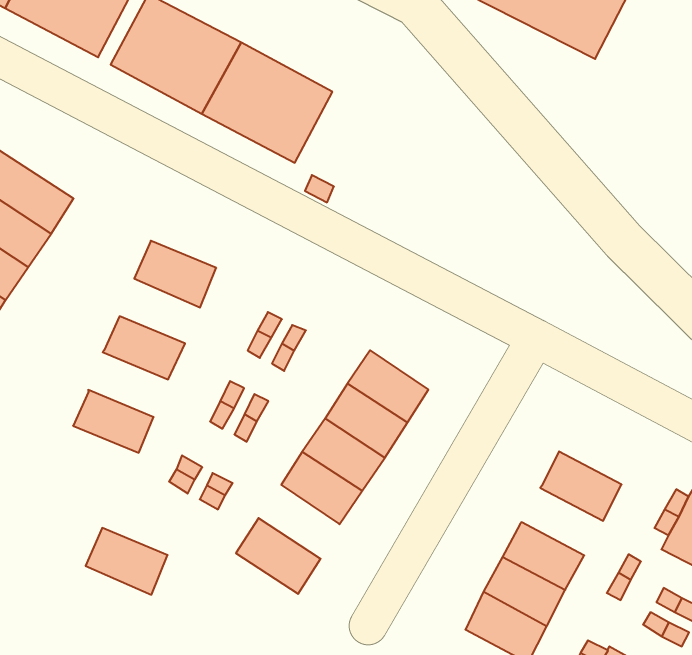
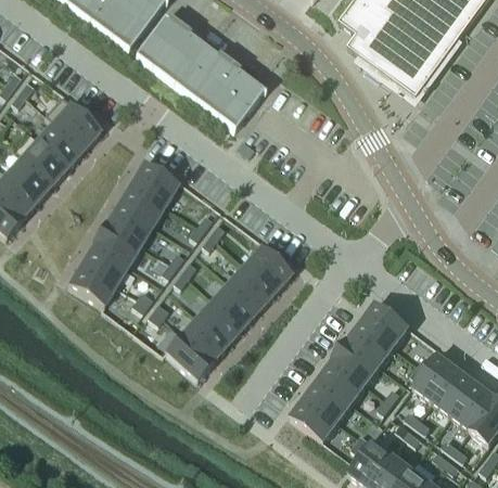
building: none -> [118,181,166,223]
building: none -> [92,220,141,264]
building: none -> [362,300,411,345]
building: none -> [332,337,382,383]
building: none -> [181,314,228,361]
building: [86,528,168,595] -> [68,261,117,305]

